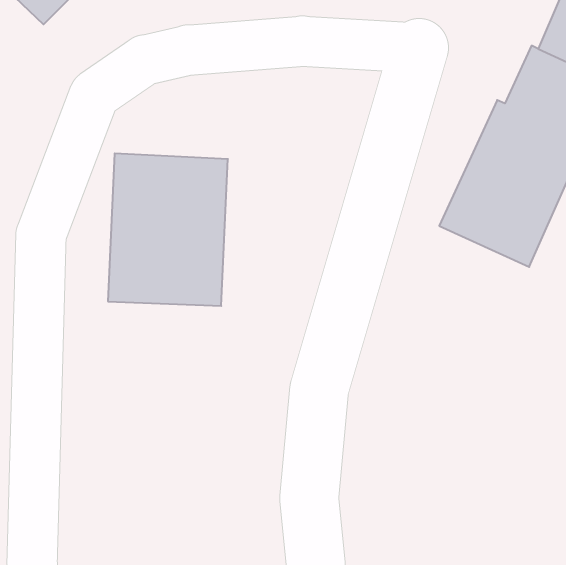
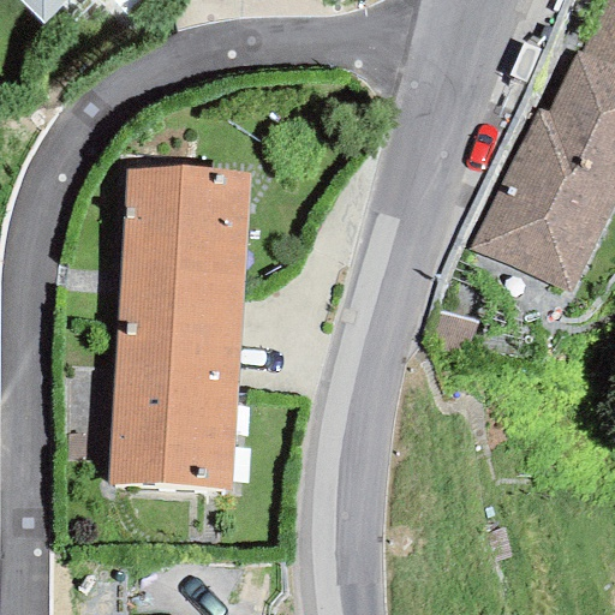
building: none -> [112,326,241,489]

